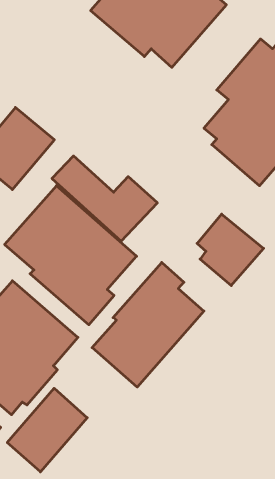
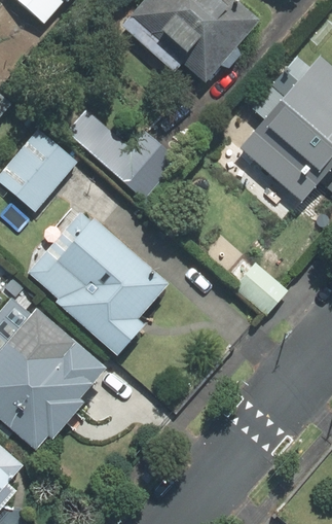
building: [52,156,157,241] -> [66,107,177,197]
building: [92,262,204,387] -> none
building: [7,388,87,472] -> none

